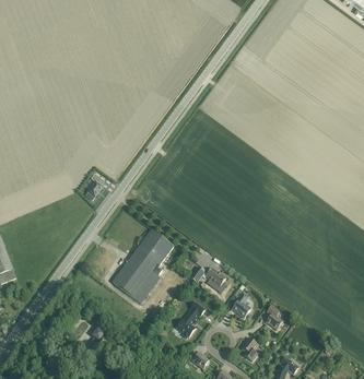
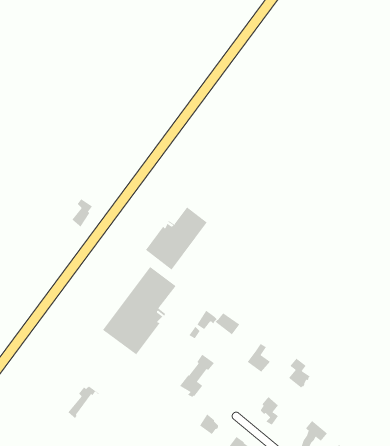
building: none -> [145,207,208,270]

